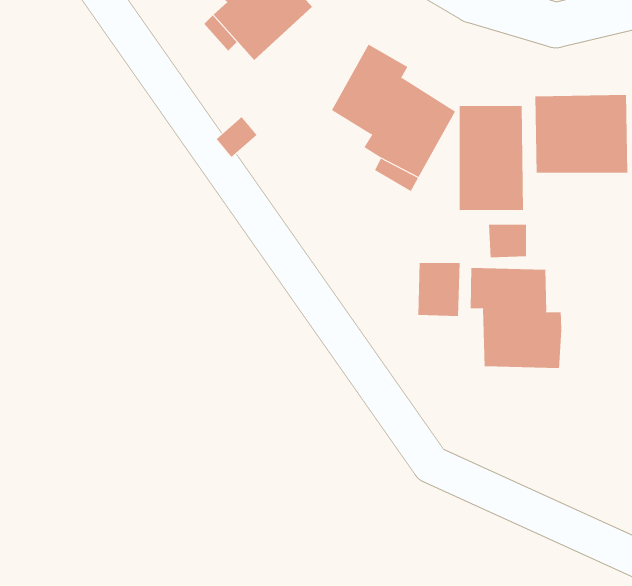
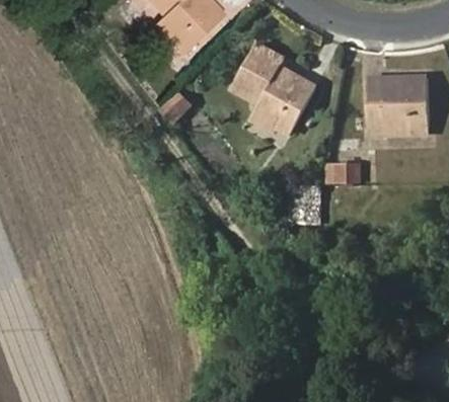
building: [459,105,523,211] -> none
building: [470,267,562,369] -> none

